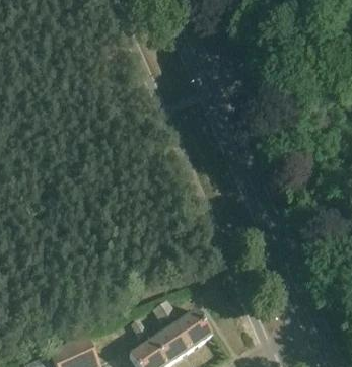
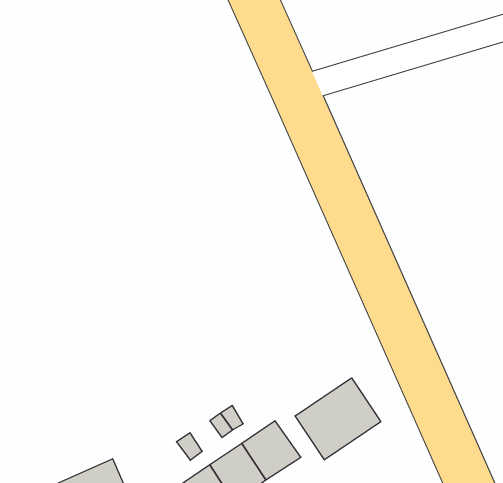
building: none -> [295,378,381,460]

